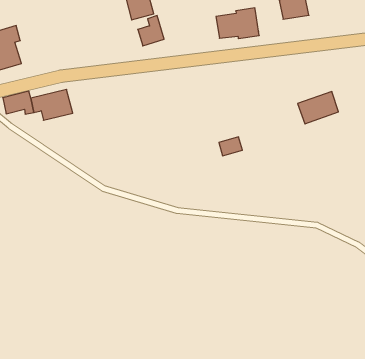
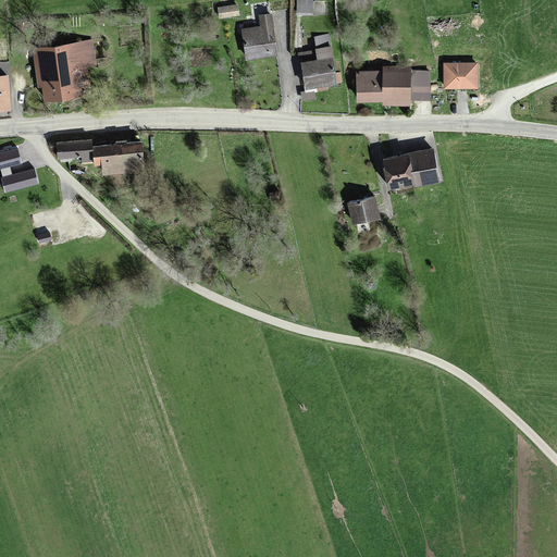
building: none -> [409,73,428,100]
building: [138,16,164,46] -> [301,50,334,87]
building: [298,92,338,124] -> [384,152,436,189]
building: [219,137,242,156] -> [348,201,377,223]

